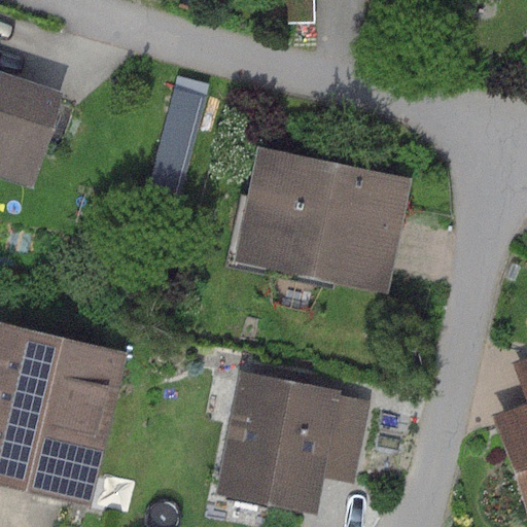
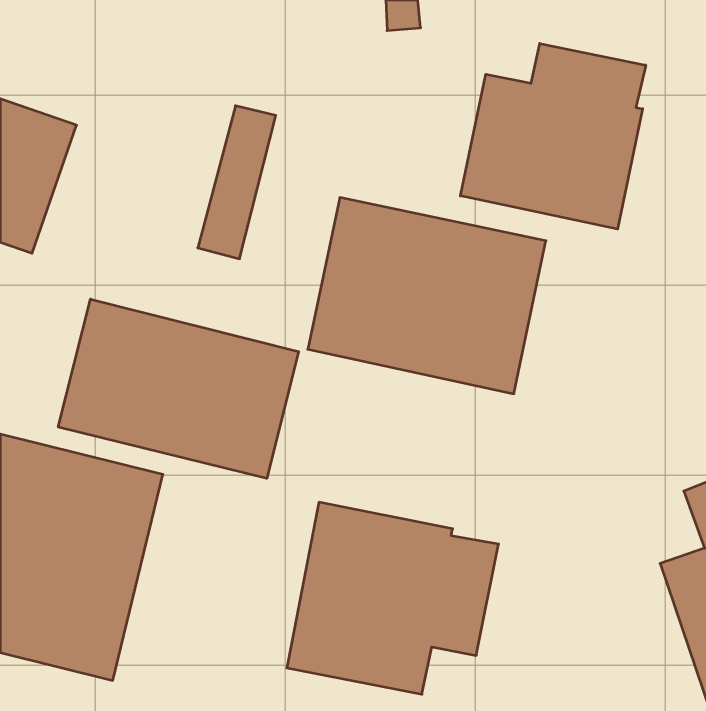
building: none -> [460,43,646,229]
building: none -> [58,299,299,478]

